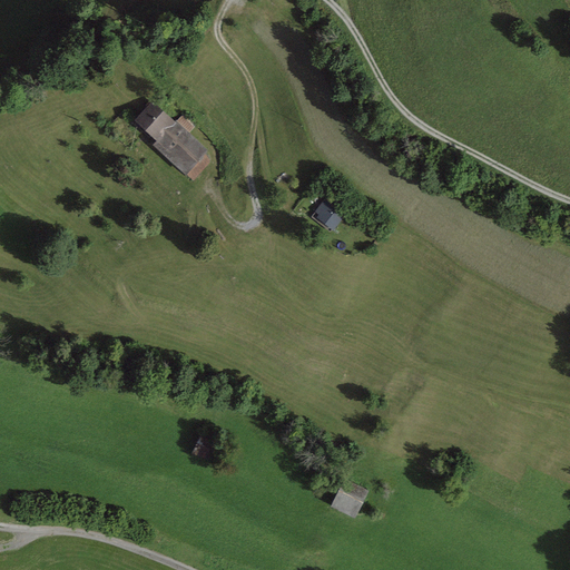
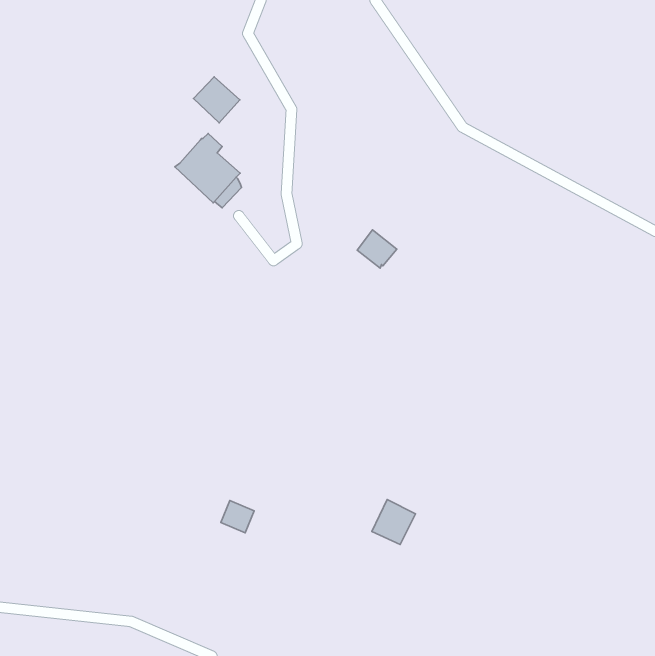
building: [134,101,174,141] -> [194,77,240,123]
building: [331,479,368,518] -> [372,500,416,544]

